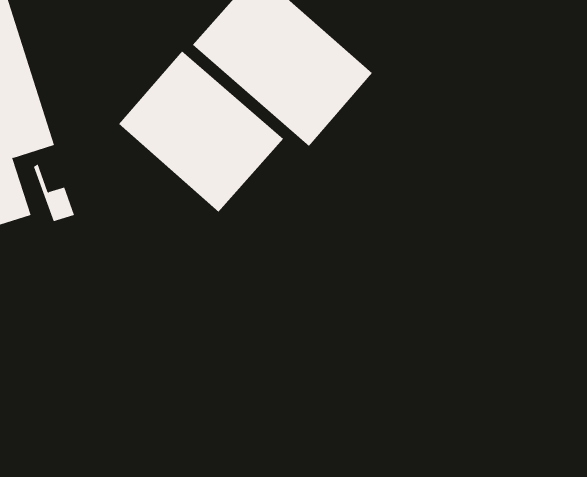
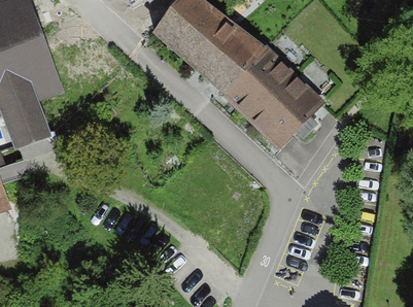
building: [118,50,284,212] -> [219,47,321,147]

